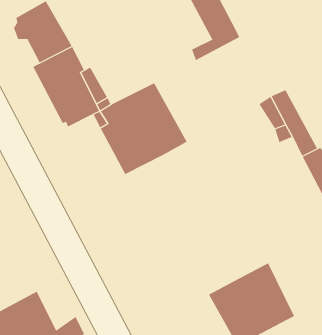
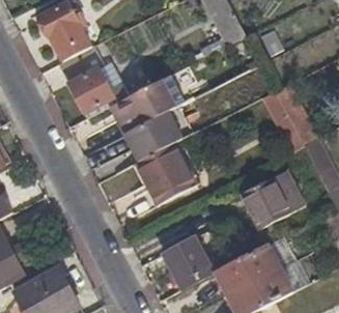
building: none -> [136,142,197,203]
building: none -> [237,165,306,226]
building: none -> [163,234,213,287]

